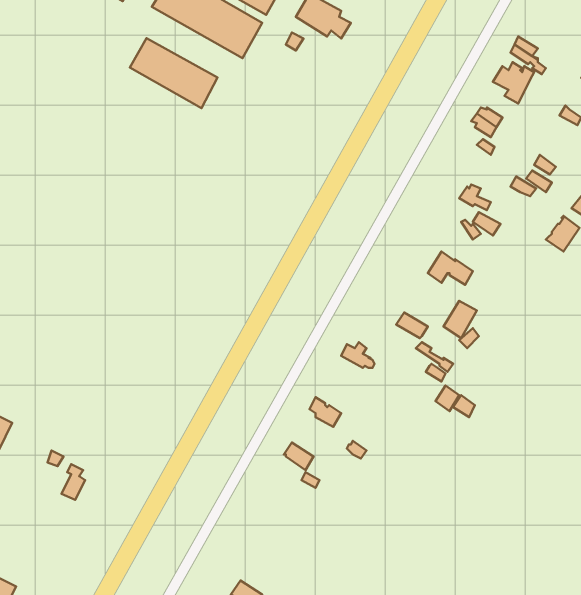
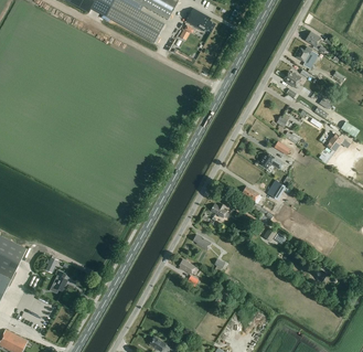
building: [130,38,218,108] -> none

